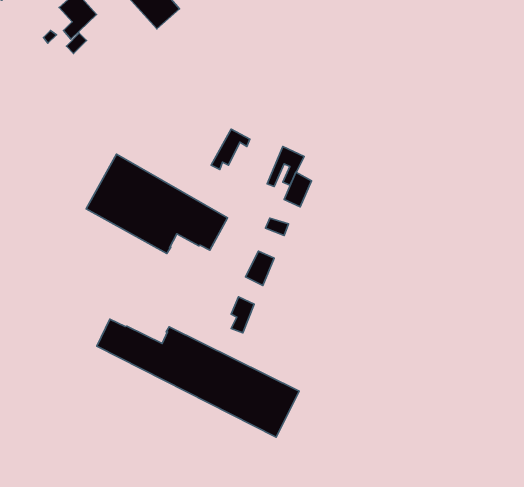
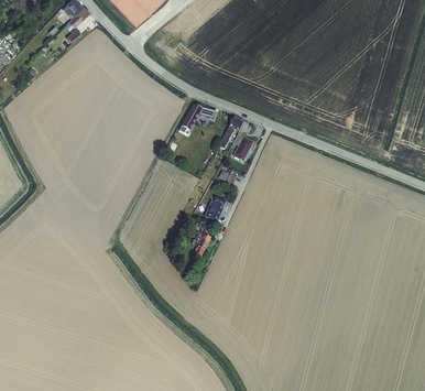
building: [86,154,228,253] -> none
building: [97,319,299,437] -> none

